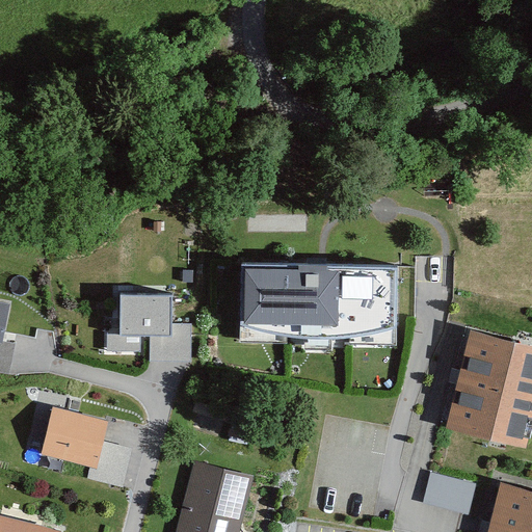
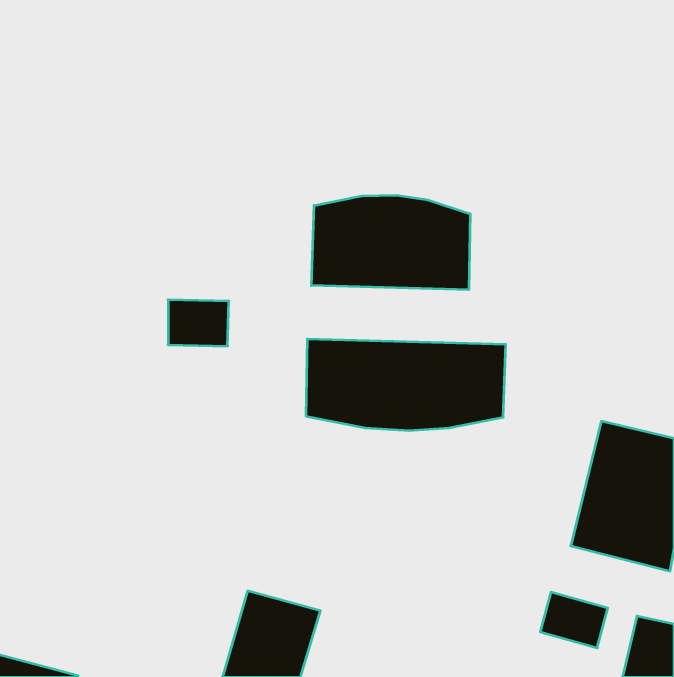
building: none -> [311,195,470,290]
building: [121,303,168,340] -> [168,300,229,346]
building: [42,416,104,470] -> none

